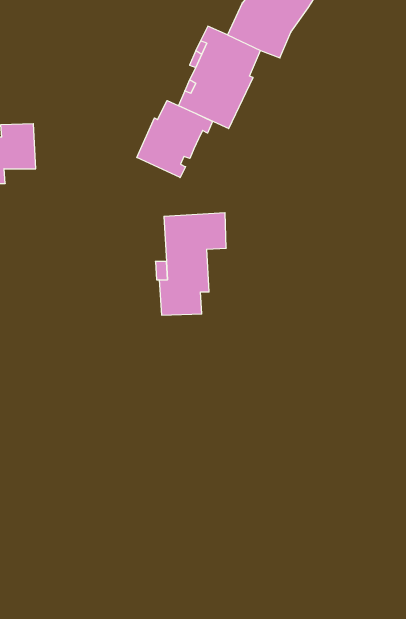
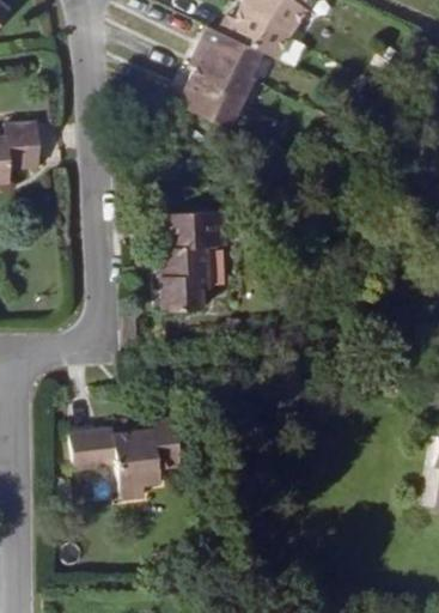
building: [137,101,213,178] -> none
building: none -> [71,418,181,498]

